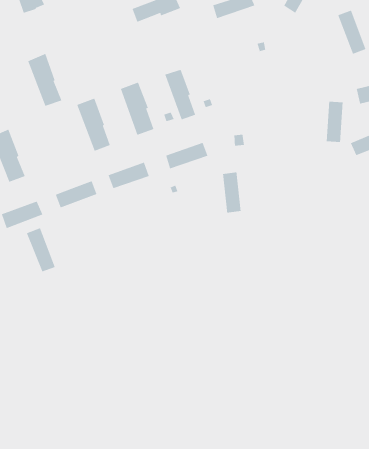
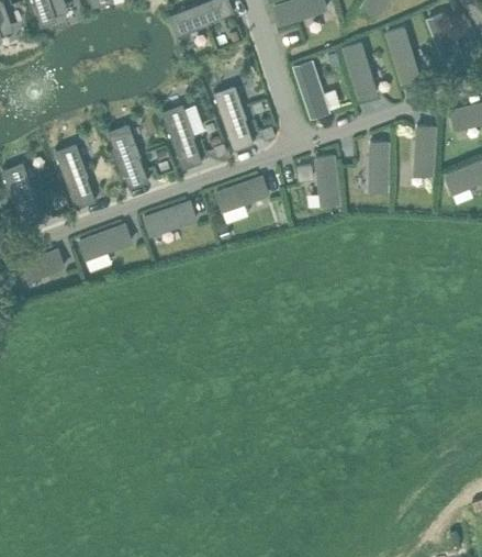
building: none -> [388,27,421,85]
building: none -> [344,43,377,98]
building: none -> [292,60,329,120]
building: [27,53,63,107] -> [53,142,97,209]
building: none -> [370,143,389,191]
building: [222,172,242,213] -> [315,155,339,207]
building: [26,227,56,273] -> none

